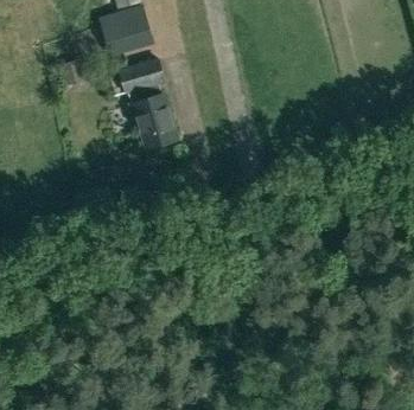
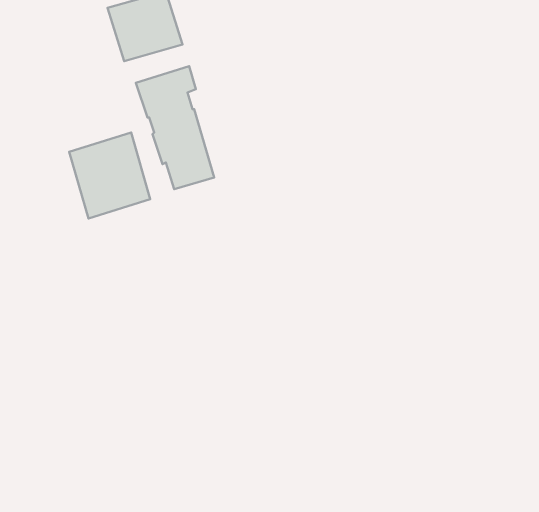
building: none -> [69,133,150,218]

